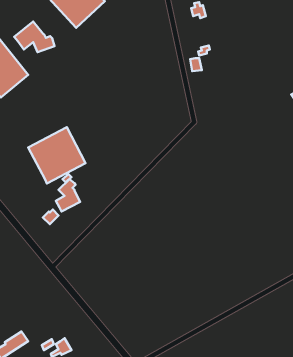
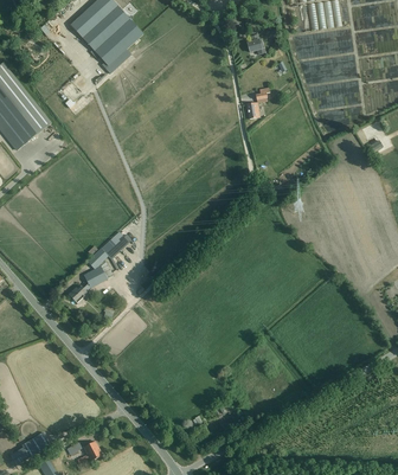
building: [14,21,55,52] -> none
building: [28,127,86,184] -> none

